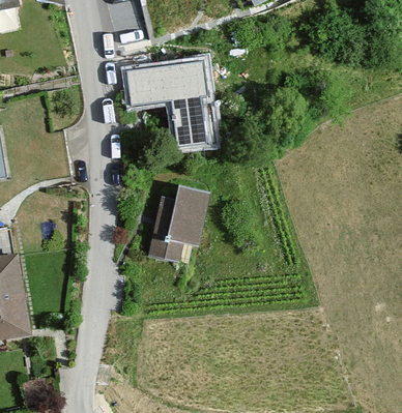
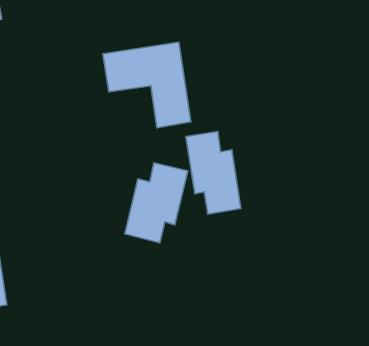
building: none -> [186,131,241,214]

